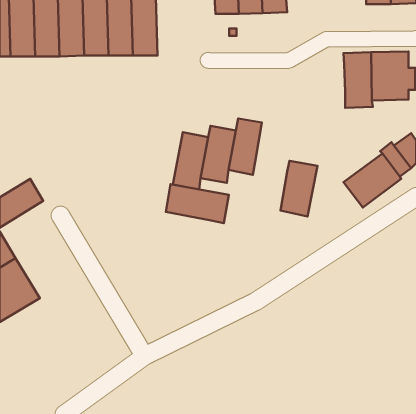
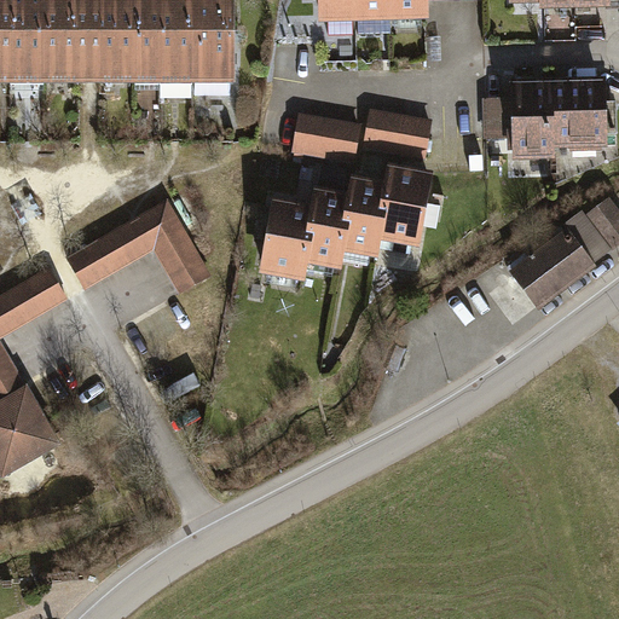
building: none -> [482,96,511,137]
building: none -> [363,105,432,156]
building: none -> [291,110,360,161]
building: none -> [69,197,212,295]
building: [281,161,317,216] -> [378,166,433,248]
building: [166,184,229,223] -> none

